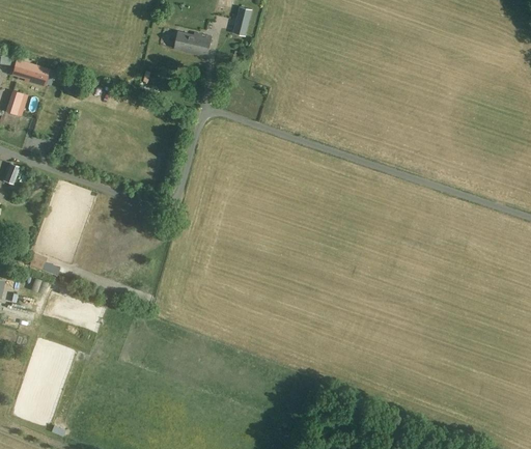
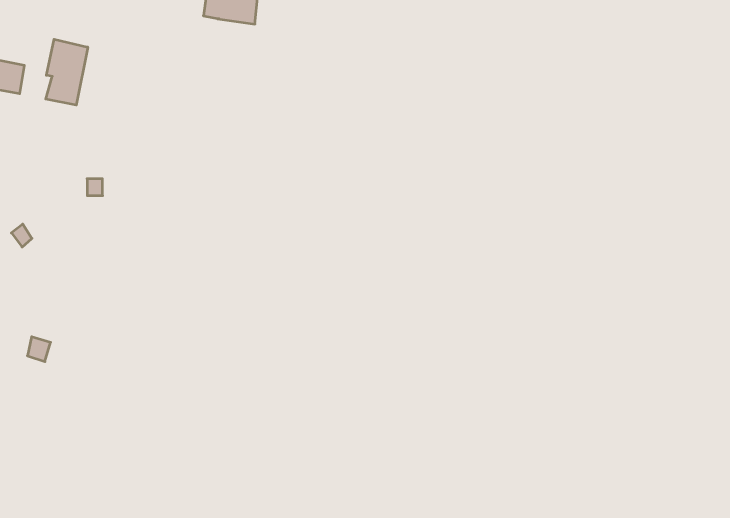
building: none -> [46,39,88,105]

